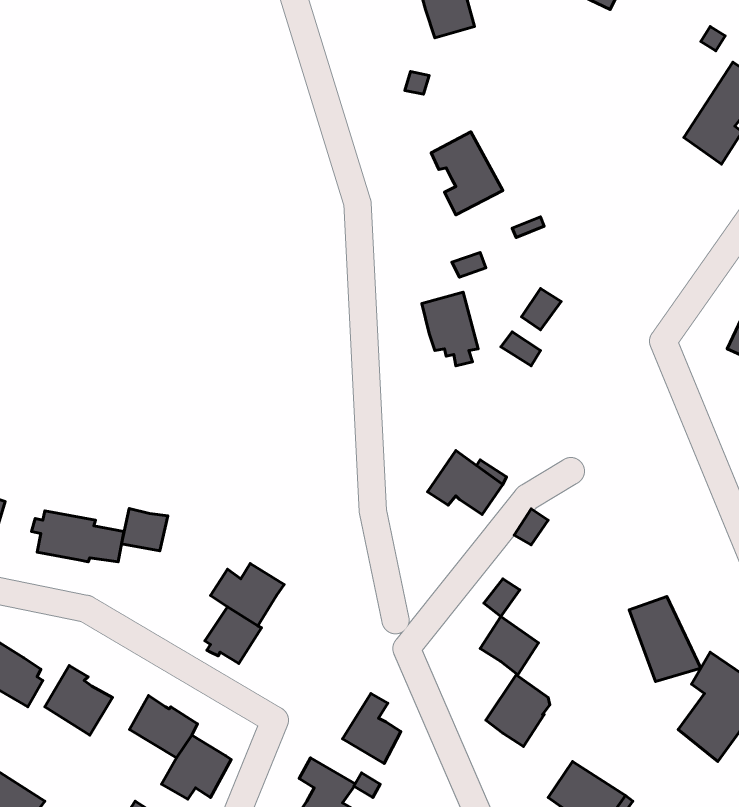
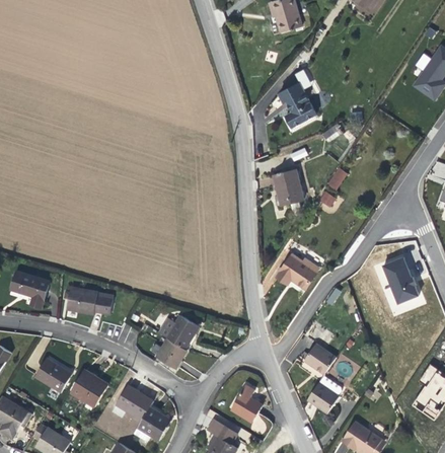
building: [122,509,168,551] -> none
building: [629,597,701,681] -> [380,256,419,302]

